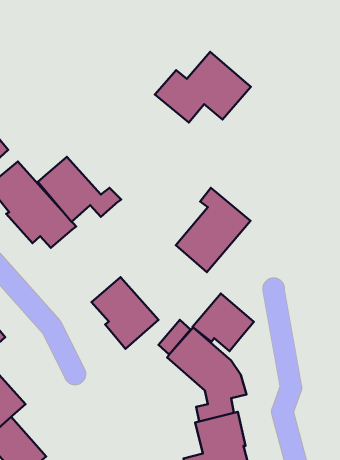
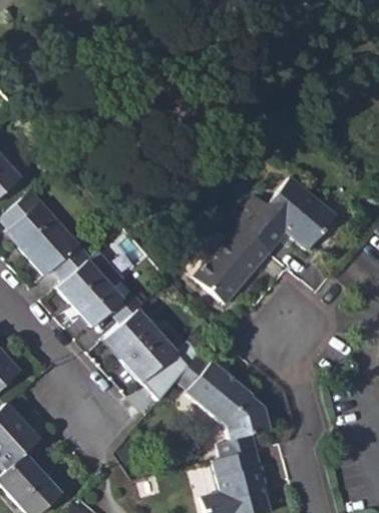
building: [155,52,251,123] -> [236,178,335,251]
building: [38,157,121,222] -> [56,261,142,328]
building: [192,293,254,351] -> none

